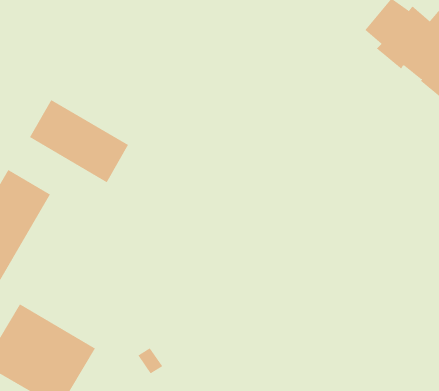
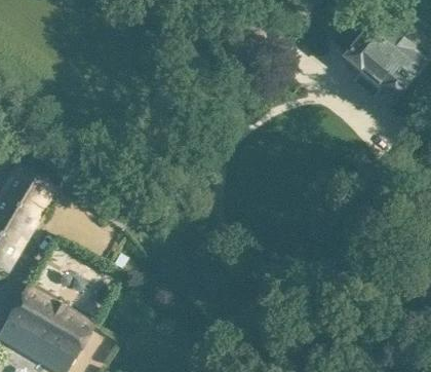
building: [29,99,129,183] -> none

